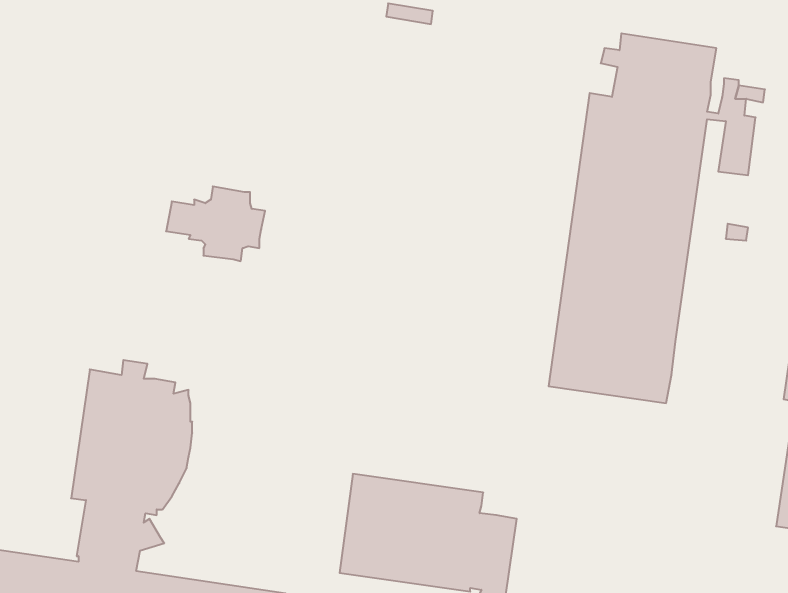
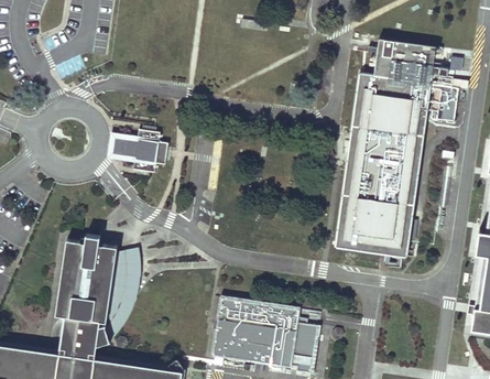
building: none -> [99,248,138,337]

